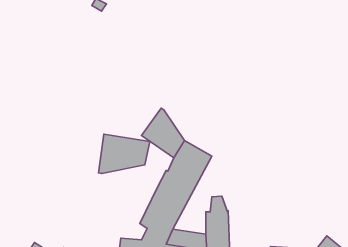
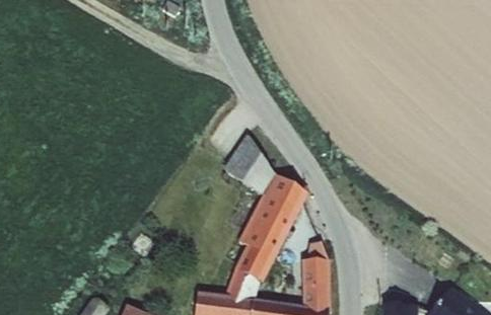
building: [98,134,150,174] -> none

